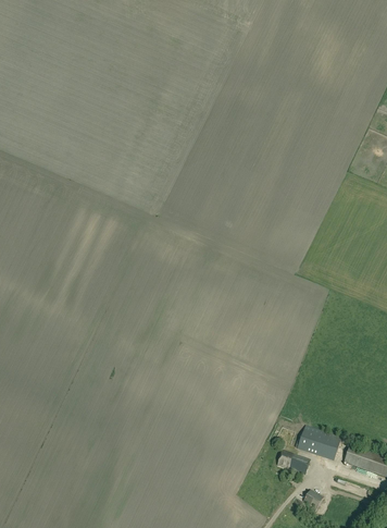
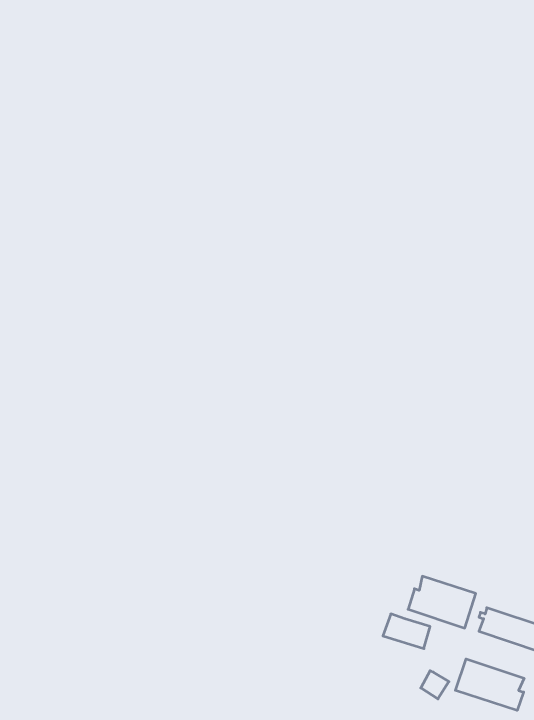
building: none -> [455,659,524,710]

